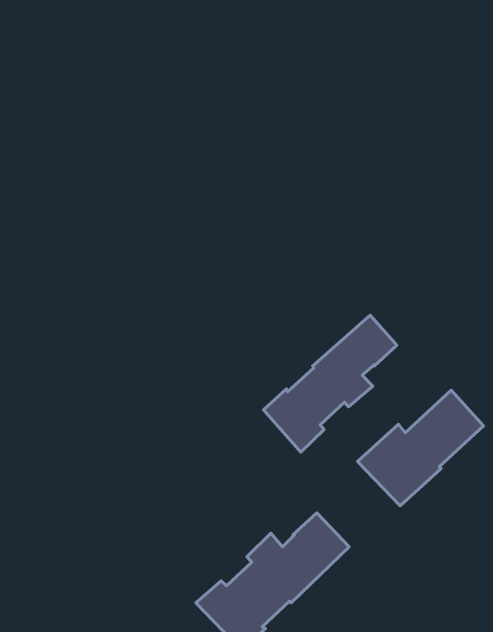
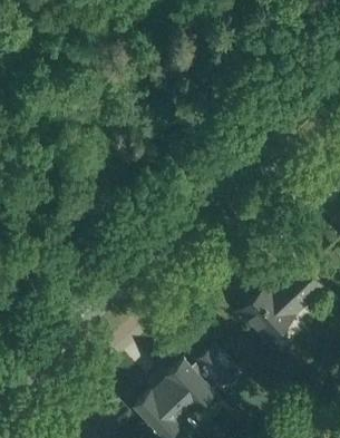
building: [264,315,397,452] -> none

